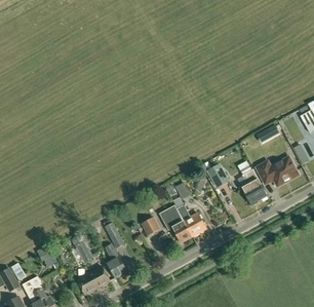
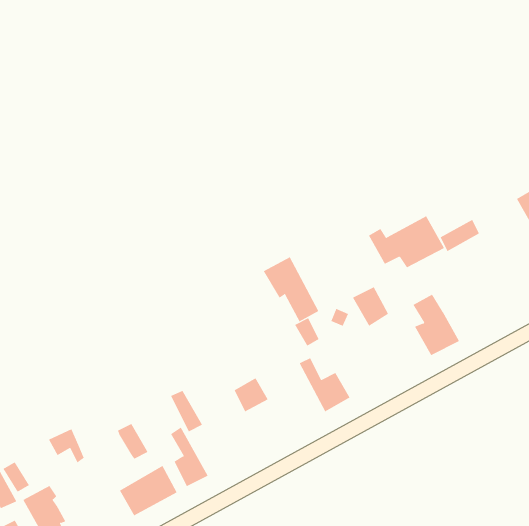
building: [257,157,300,187] -> [368,215,445,268]
building: [161,205,193,242] -> [263,257,319,322]

